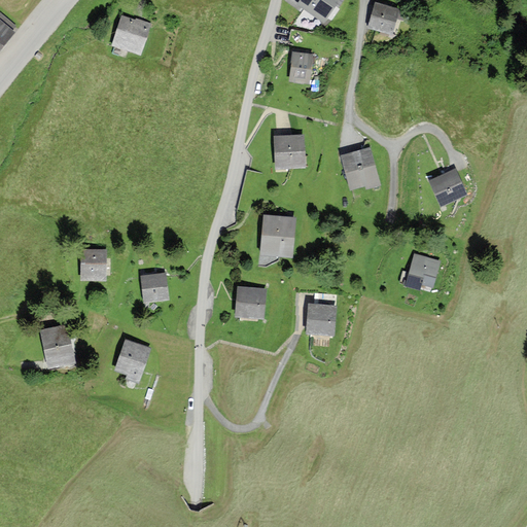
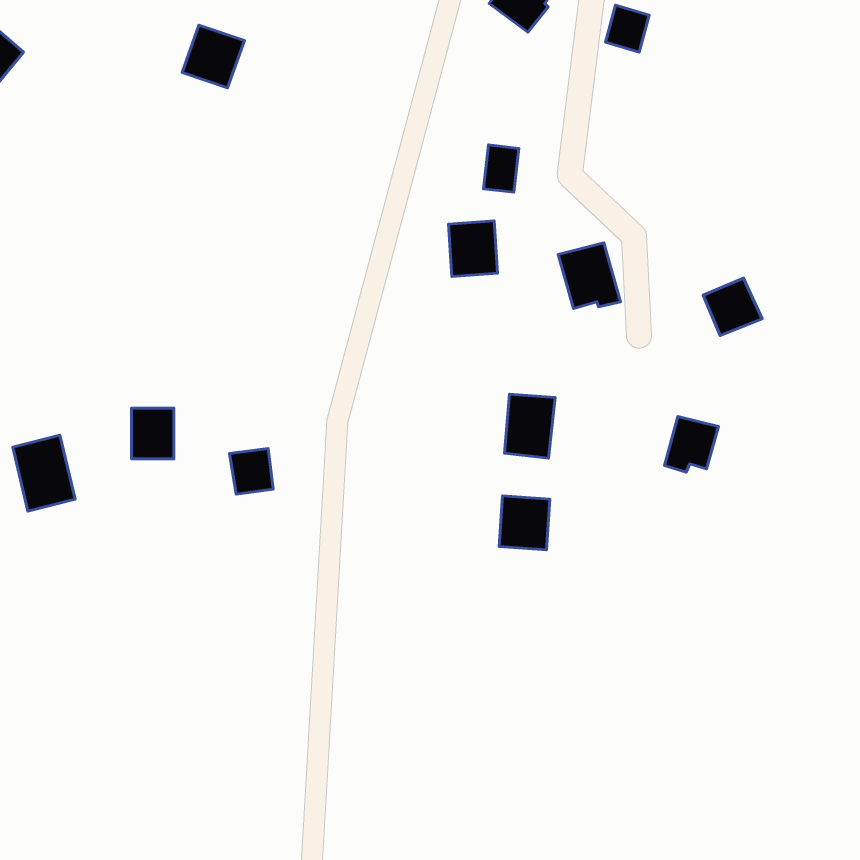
building: [289,52,311,81] -> [483,145,519,192]
building: [261,217,292,256] -> [505,394,555,458]
building: [234,286,266,319] -> none
building: [38,323,76,370] -> [13,435,75,511]
building: [114,340,149,383] -> none

